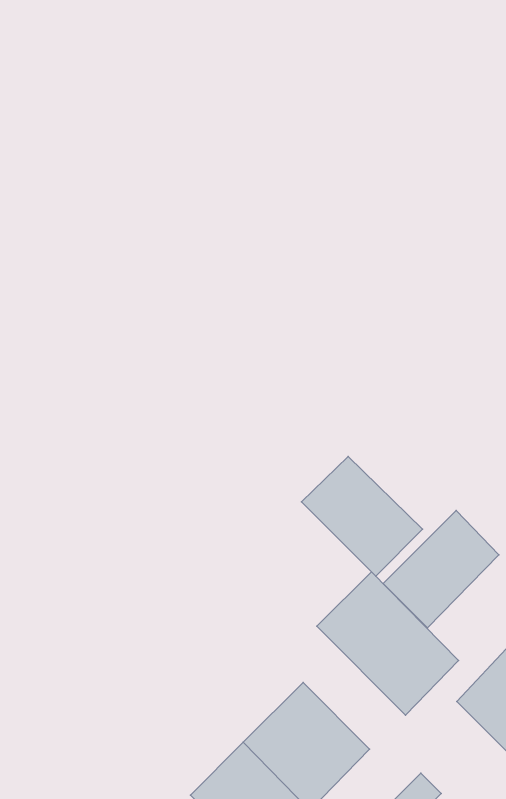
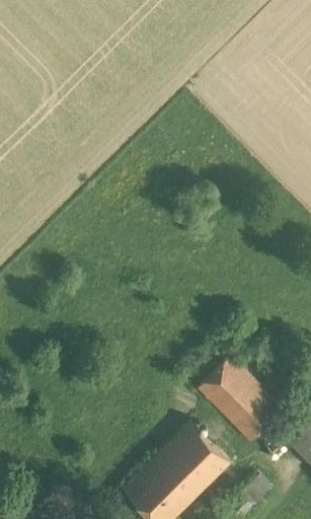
building: [301,457,423,576] -> none
building: [383,511,499,628] -> none

